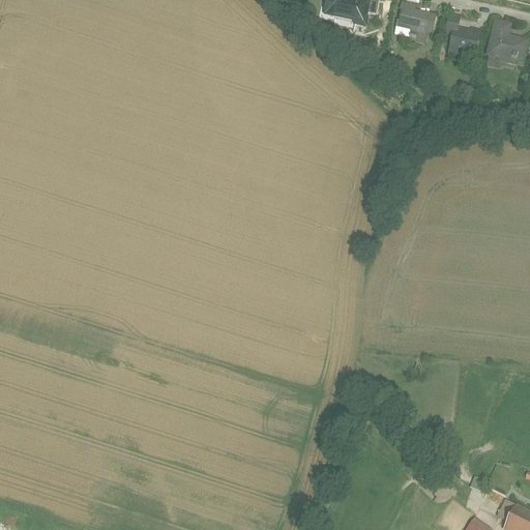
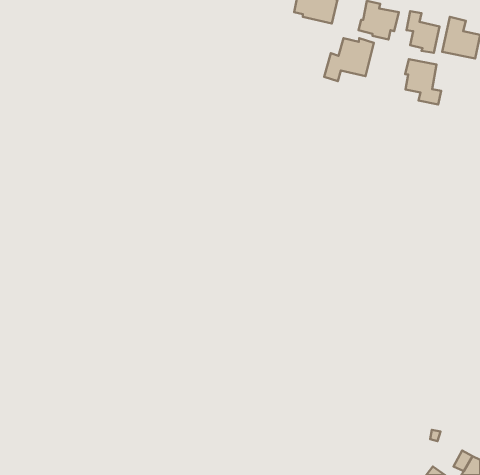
building: none -> [324,38,374,81]
building: none -> [405,59,441,104]

